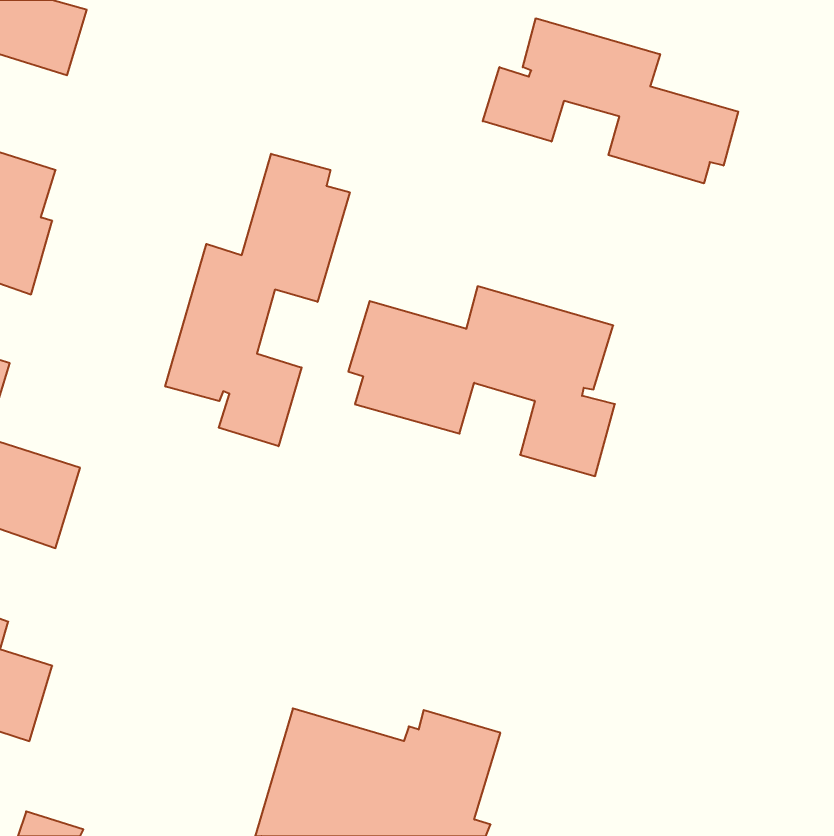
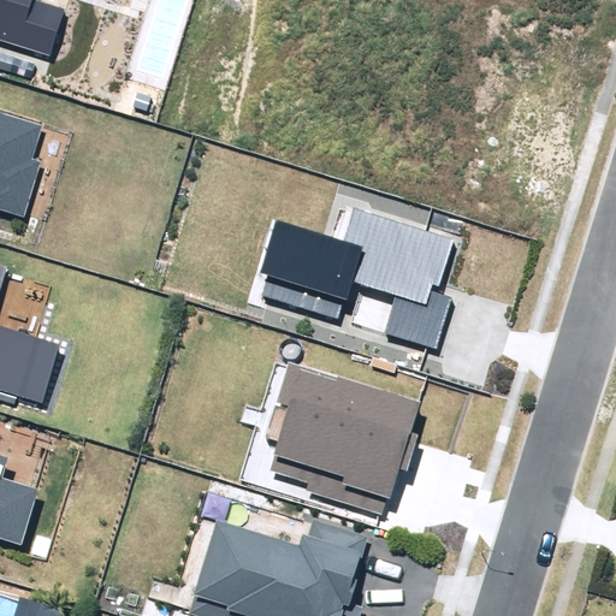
building: [483,18,738,183] -> none
building: [165,154,350,446] -> none
building: none -> [268,361,420,516]

